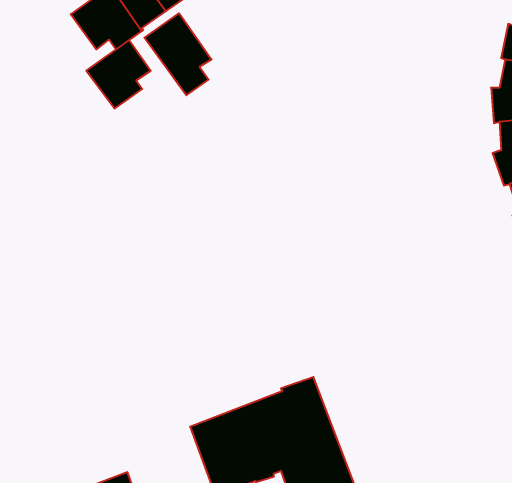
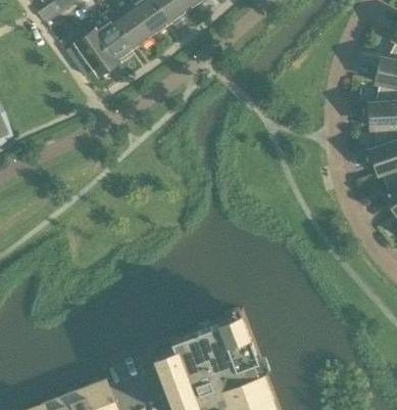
building: [144,13,212,95] -> none
building: [86,40,151,109] -> none

